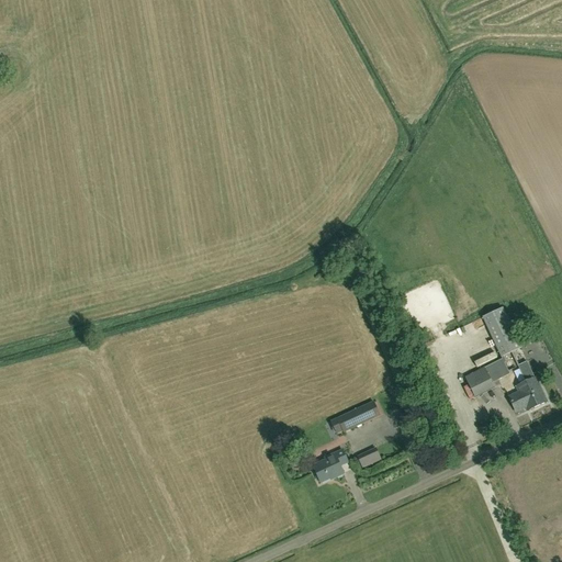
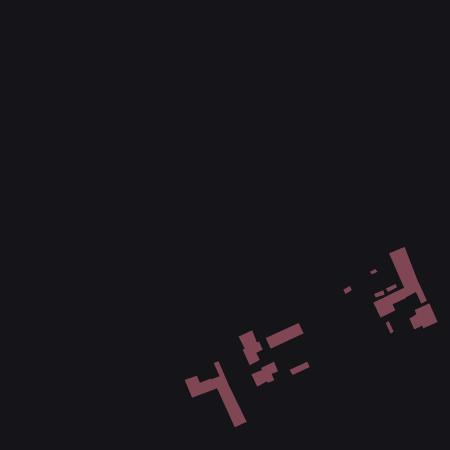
building: none -> [238,329,264,366]
building: none -> [184,361,247,428]

